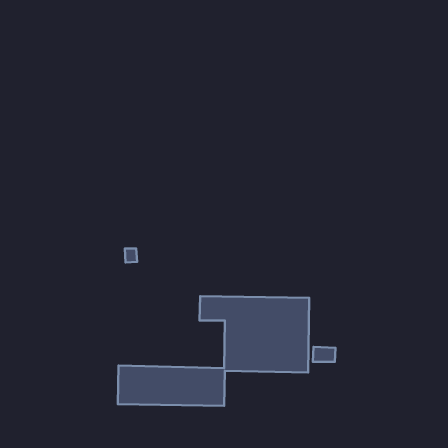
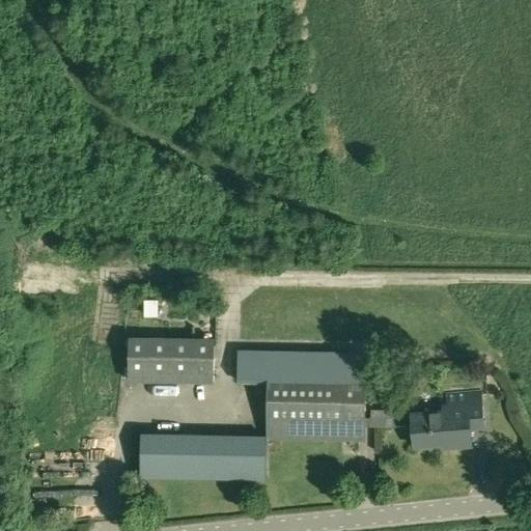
building: none -> [127,345,215,384]
building: none -> [411,392,482,449]

